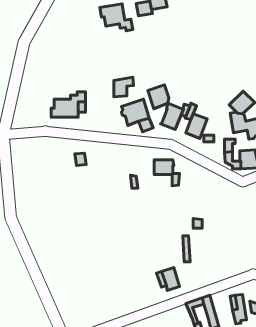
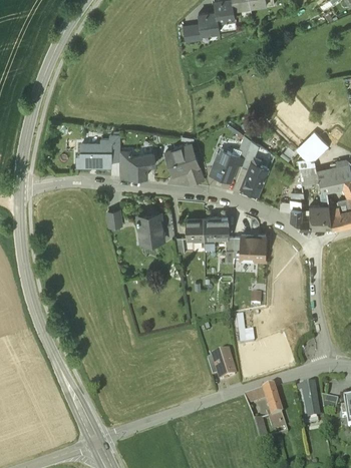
building: [100,4,133,31] -> none
building: [114,77,134,97] -> [130,152,154,176]
building: [148,85,169,109] -> none
building: none -> [137,211,164,240]
building: none -> [187,217,205,238]
building: none -> [241,235,267,260]

